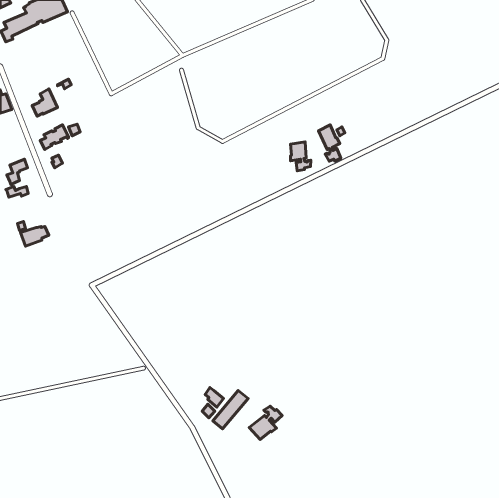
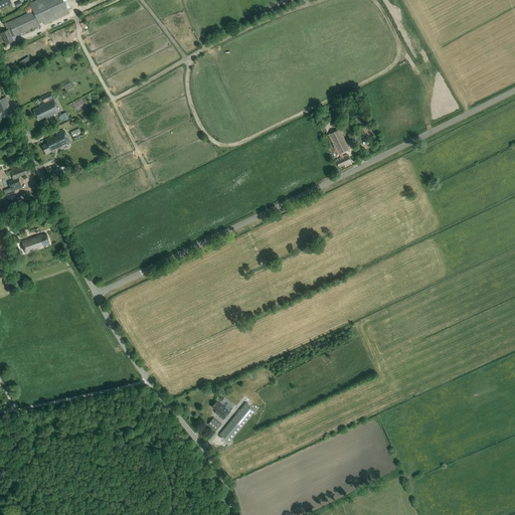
building: [290,142,311,171] -> none
building: [249,406,282,439] -> none

